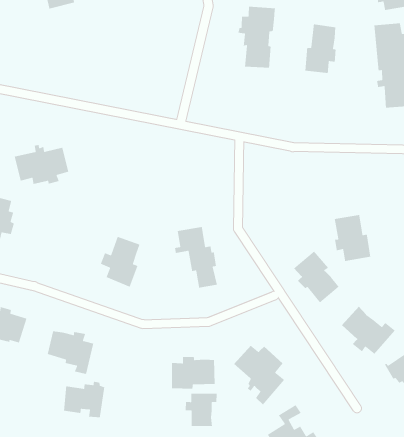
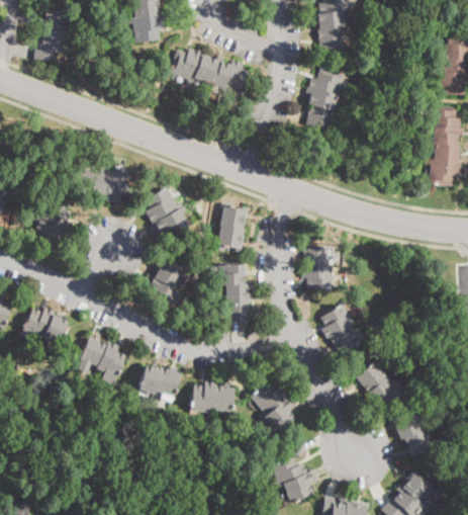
building: none -> [170,47,252,95]
building: [304,24,337,74] -> none
building: none -> [146,186,190,239]
building: none -> [214,201,248,251]
building: [334,214,371,262] -> [301,247,333,288]
building: [63,381,105,418] -> [138,366,181,402]
building: [185,393,217,427] -> none

